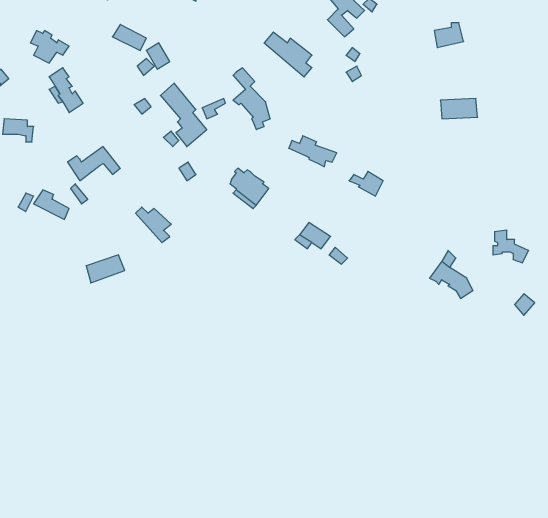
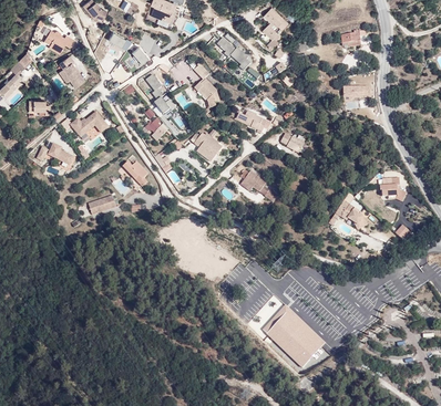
building: none -> [261,305,324,367]

